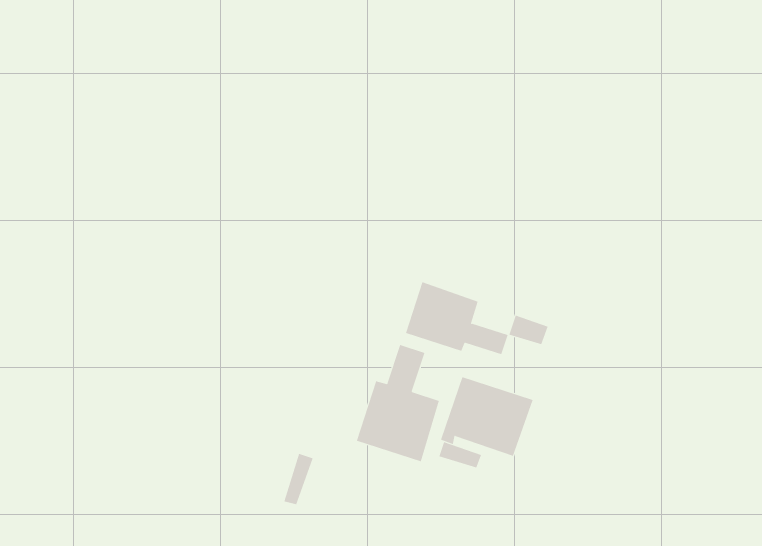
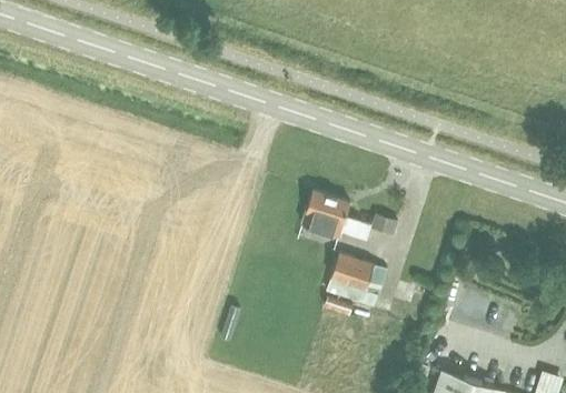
building: [356,344,439,462] -> none

